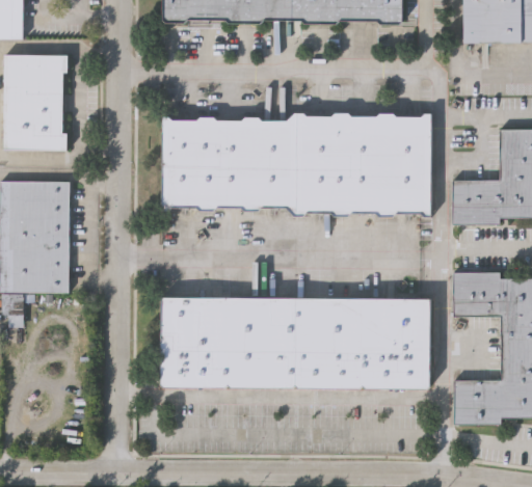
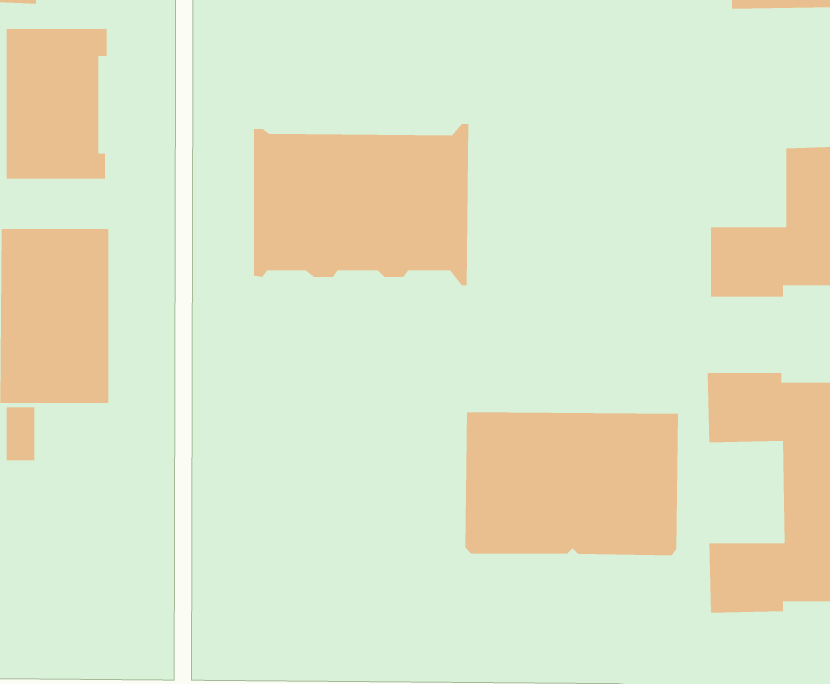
building: [298,113,431,217] -> none
building: [162,295,297,386] -> none

